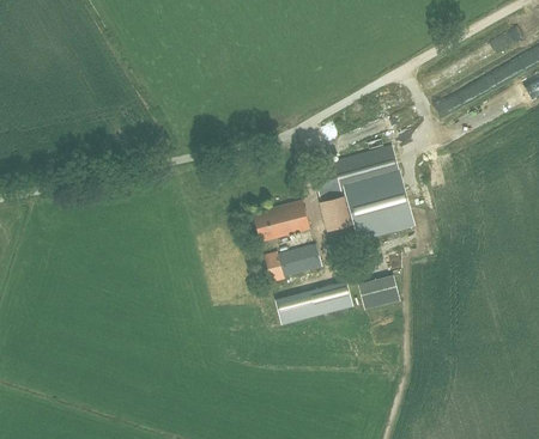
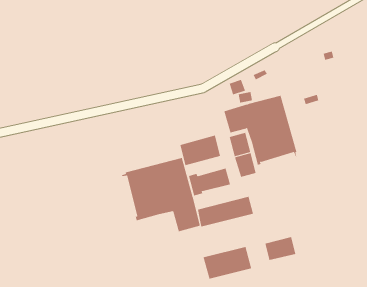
building: none -> [121,157,200,232]
building: [359,275,402,307] -> [264,236,296,260]
building: none -> [203,246,252,279]

